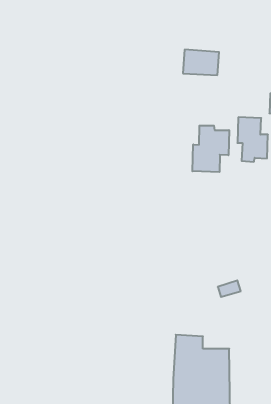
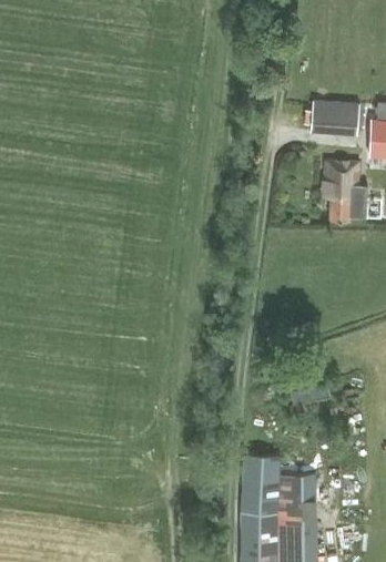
building: [183,50,219,75] -> [311,101,359,135]
building: [192,126,229,172] -> none

